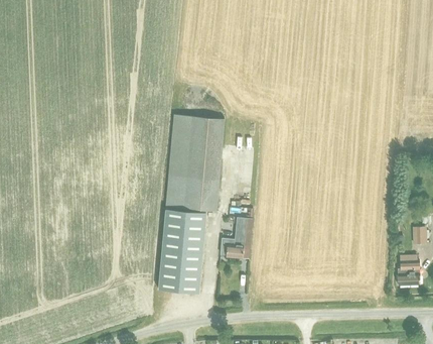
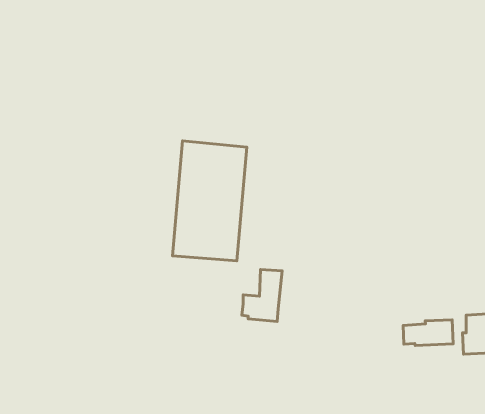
building: [159,209,205,293] -> none
building: none -> [403,320,453,346]

